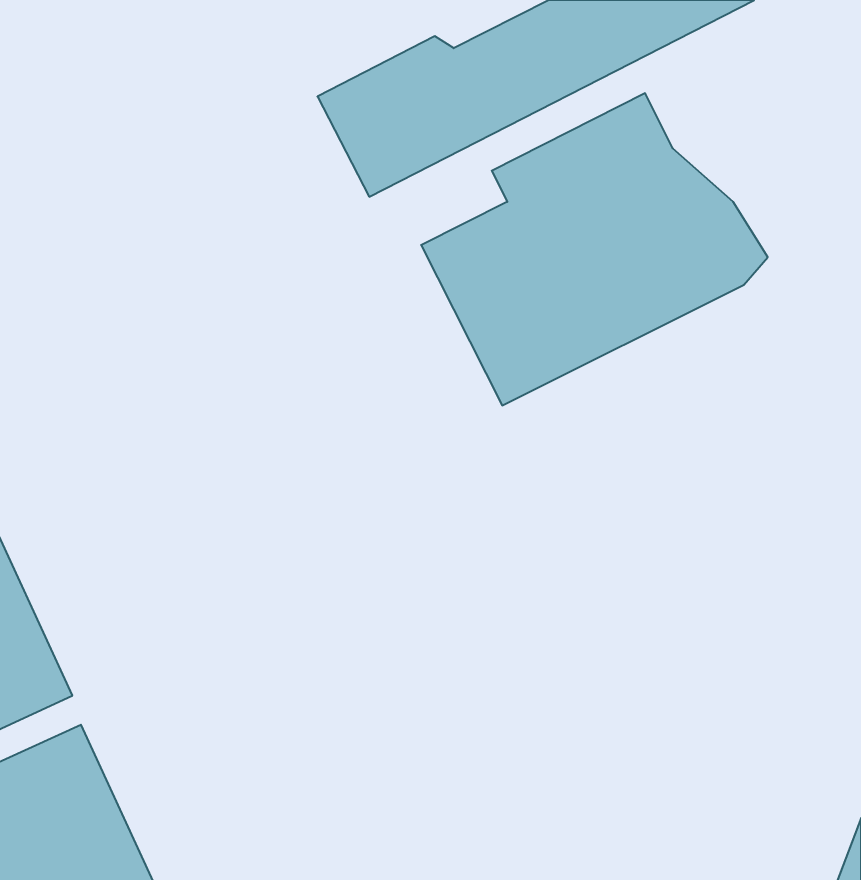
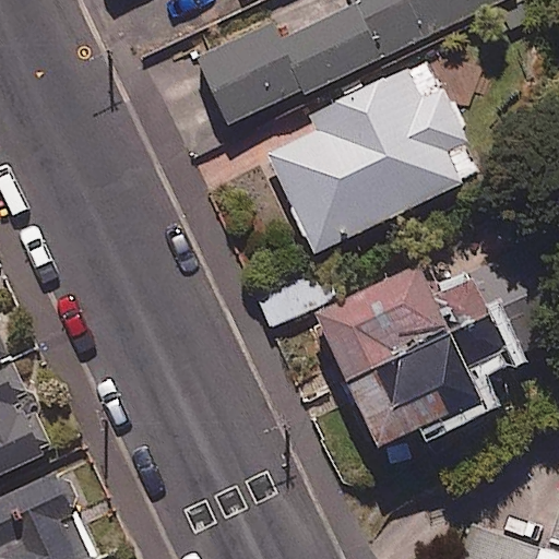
building: none -> [309,267,521,451]

